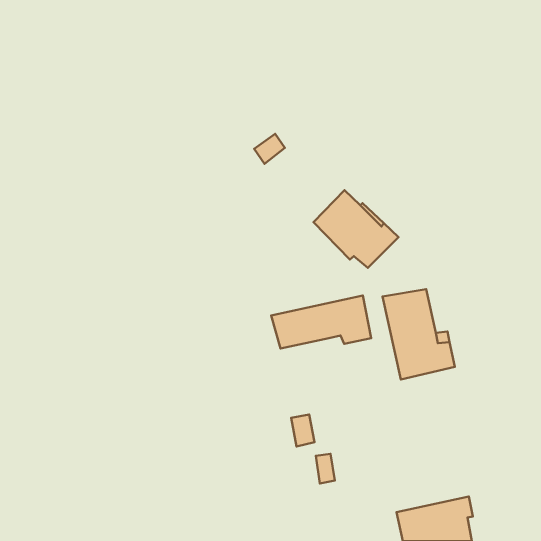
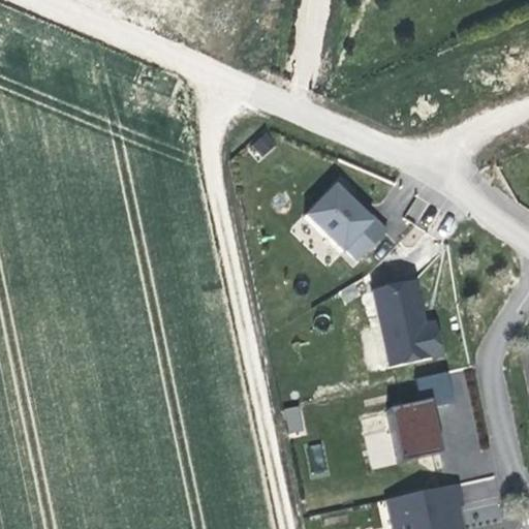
building: [271,295,371,349] -> none
building: none -> [388,372,454,463]

